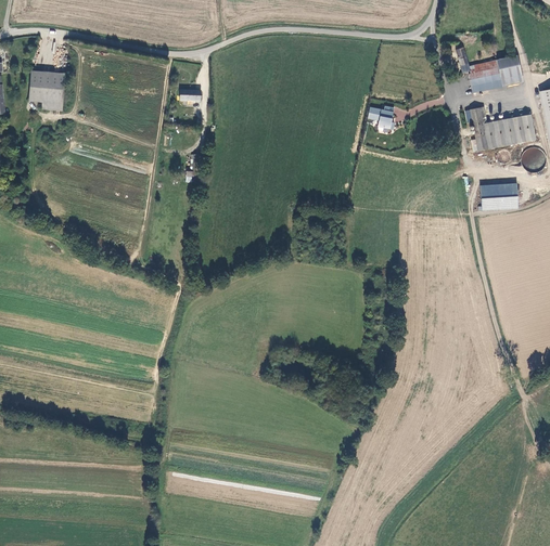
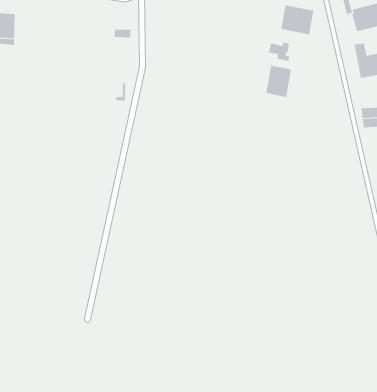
building: none -> [281,5,314,35]
building: none -> [266,65,291,98]

